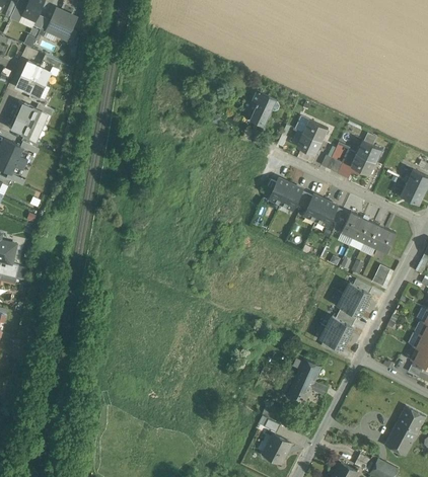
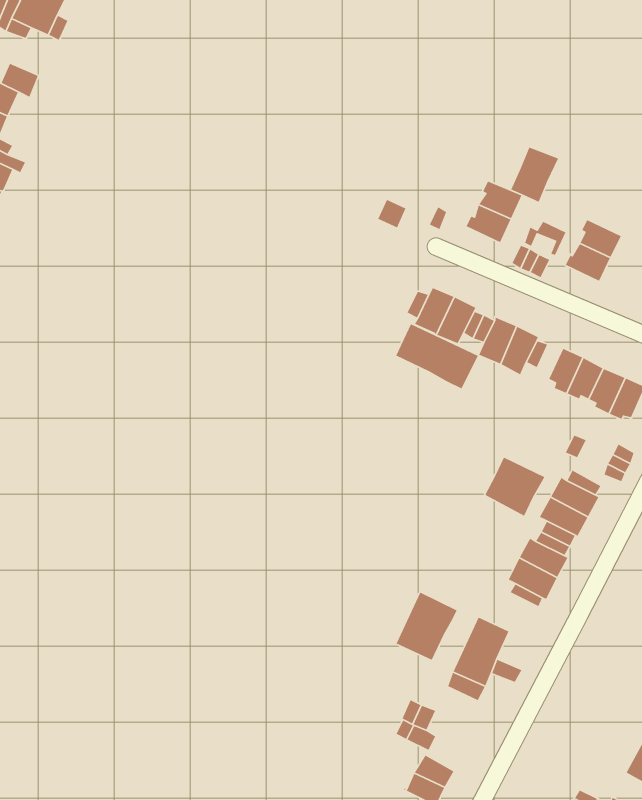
building: [251,91,279,126] -> none
building: none -> [510,147,559,203]
building: none -> [395,323,479,390]
building: none -> [484,457,545,517]
building: none -> [396,592,458,661]

